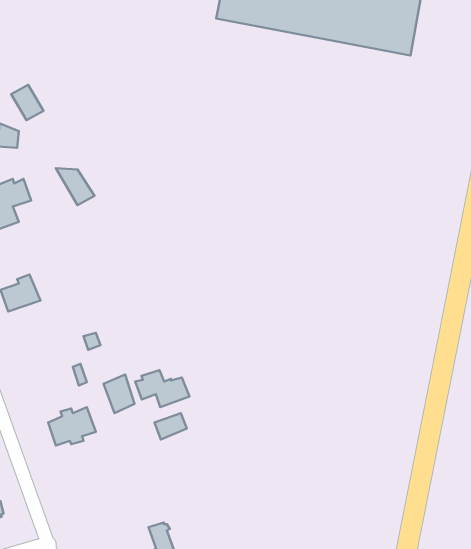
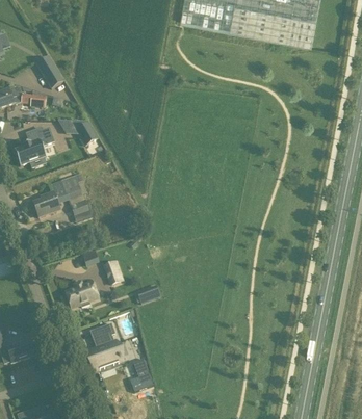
building: none -> [51,175,87,215]
building: [135,370,189,407] -> none
building: none -> [86,322,121,369]

